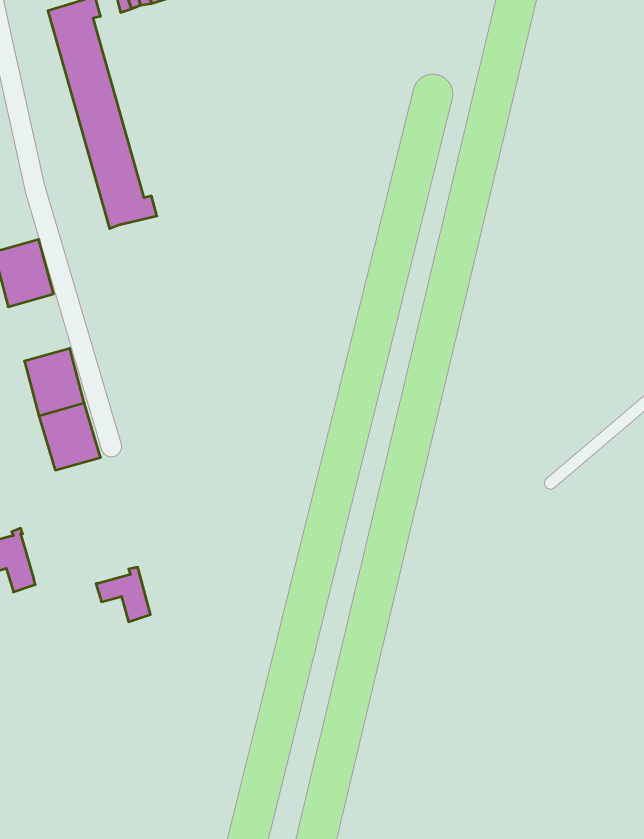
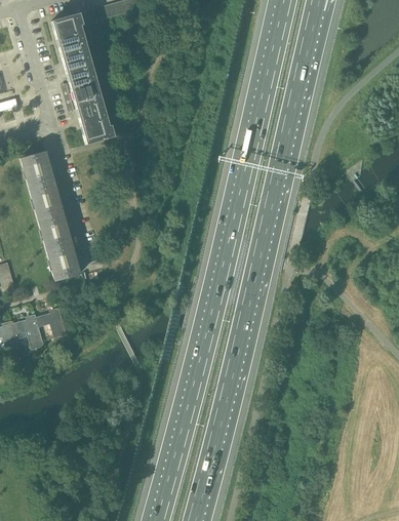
building: none -> [29,181,64,218]
building: [96,567,150,622] -> [36,307,67,337]

